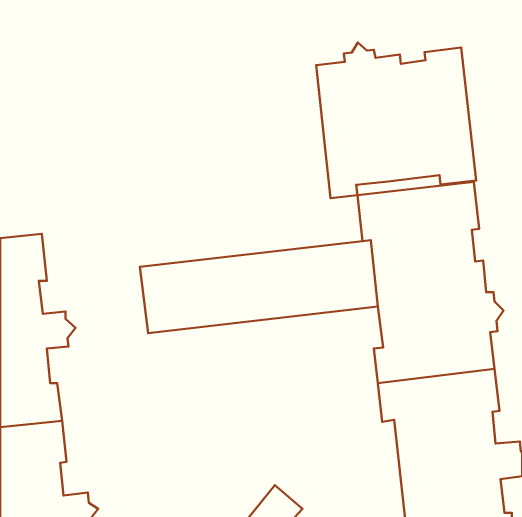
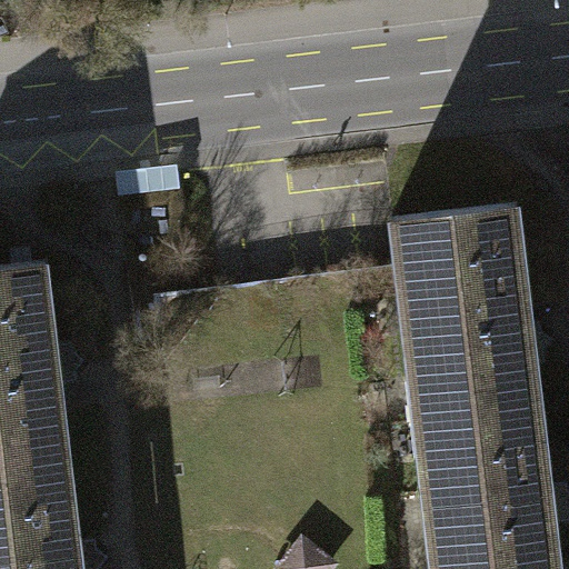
building: [316,42,476,198] -> none

